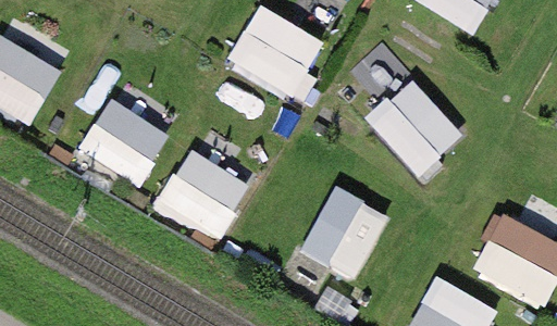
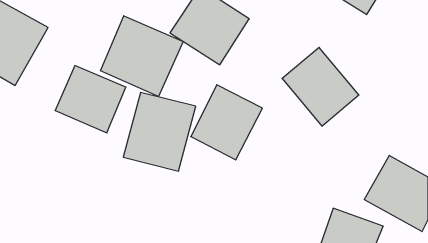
building: none -> [100,16,183,97]
building: [300,186,391,280] -> [191,85,262,160]

